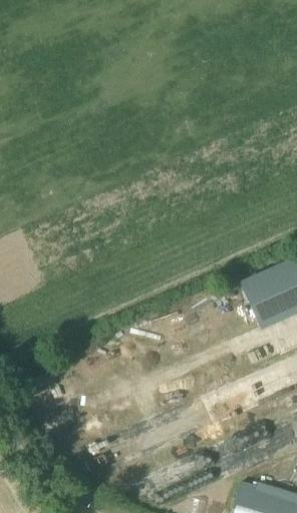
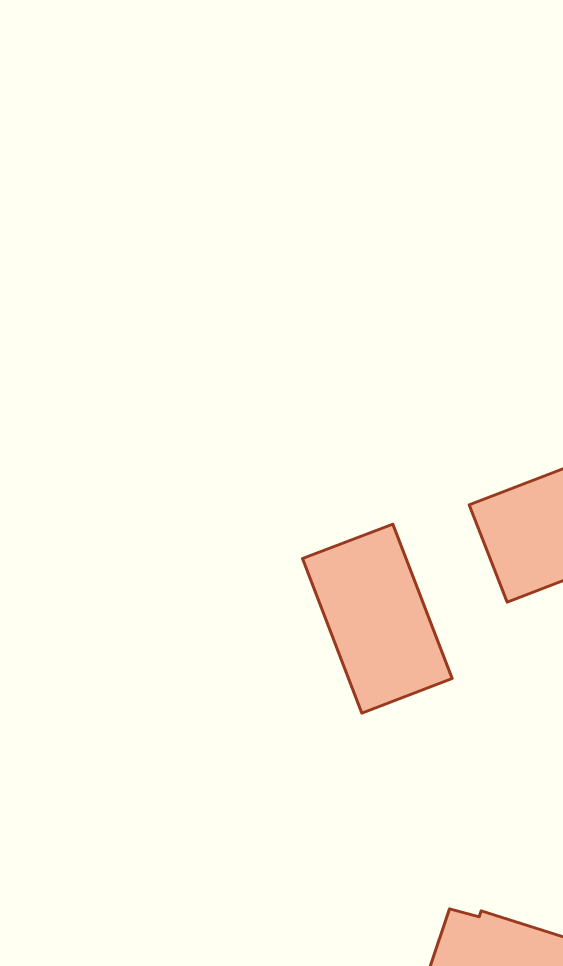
building: none -> [302,524,452,713]

